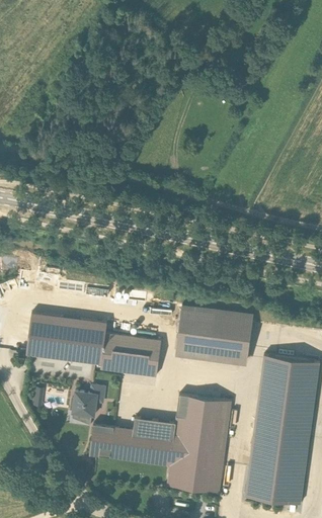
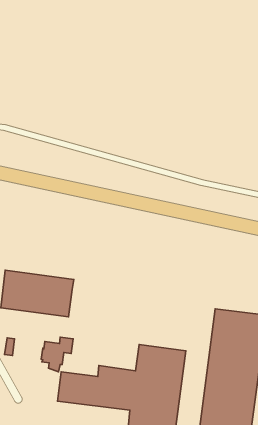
building: [175,305,253,366] -> none
building: [100,334,161,377] -> none

